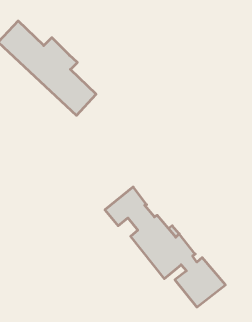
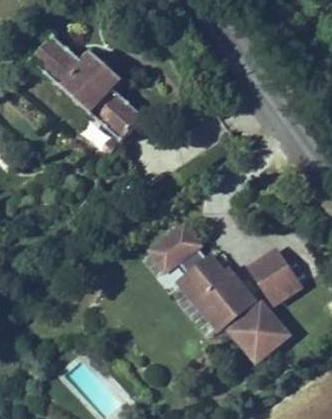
building: none -> [252,250,299,300]

